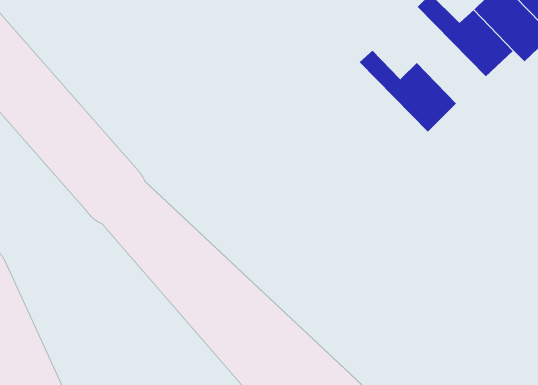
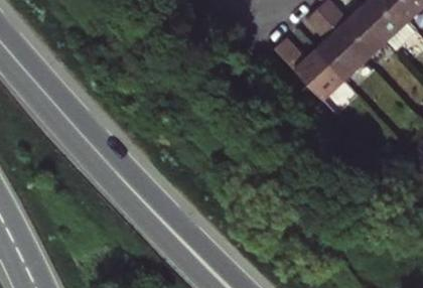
building: none -> [304,8,367,79]

